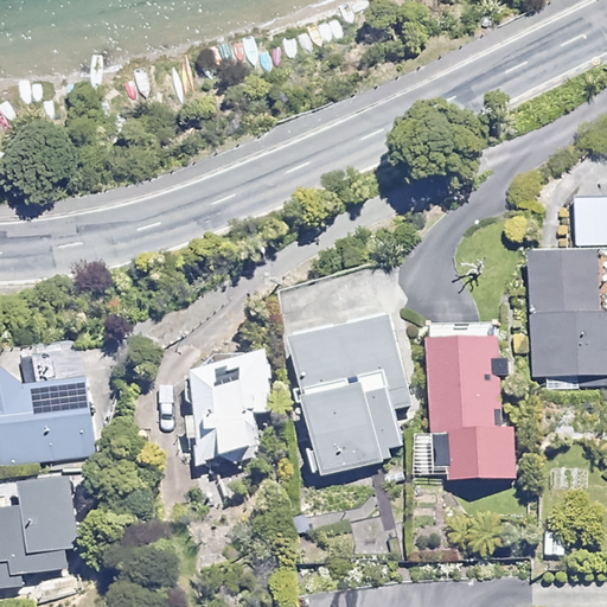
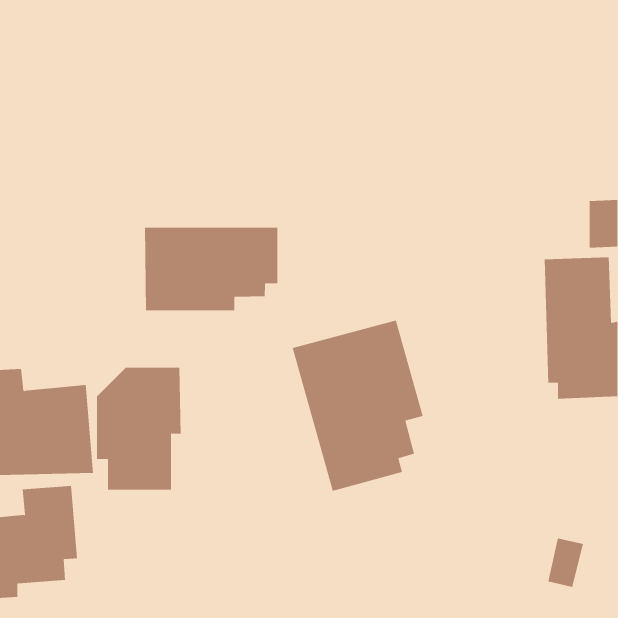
building: none -> [145,227,278,311]
building: [426,320,515,479] -> none
building: [185,349,268,468] -> [96,367,181,490]

